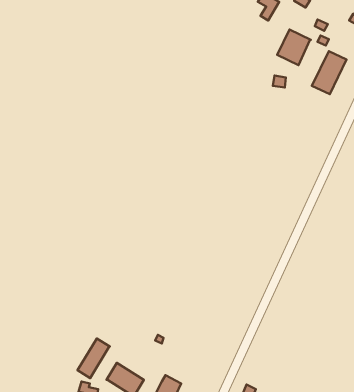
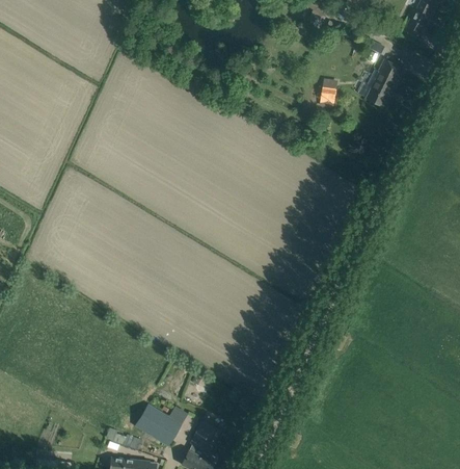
building: [277,29,311,65] -> none
building: [77,339,110,378] -> none

